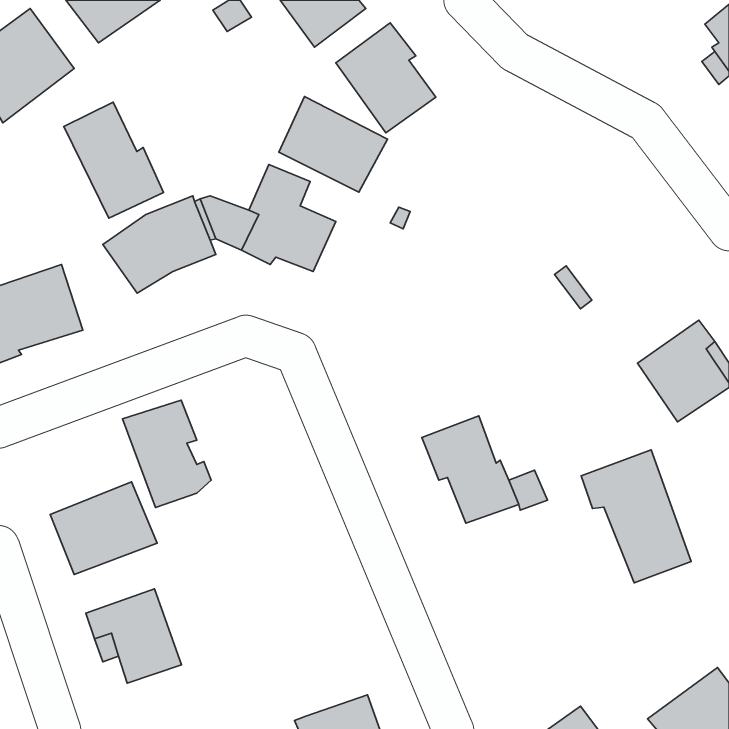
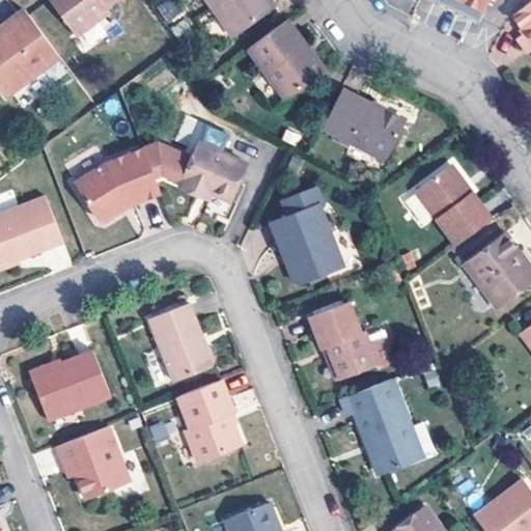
building: [279,96,387,192] -> [322,86,400,156]
building: [64,102,163,218] -> none
building: none -> [415,161,494,244]
building: none -> [276,181,355,283]
building: [122,400,211,507] -> [150,304,215,382]
building: [581,450,691,583] -> [342,382,422,478]
building: none -> [180,382,243,466]

